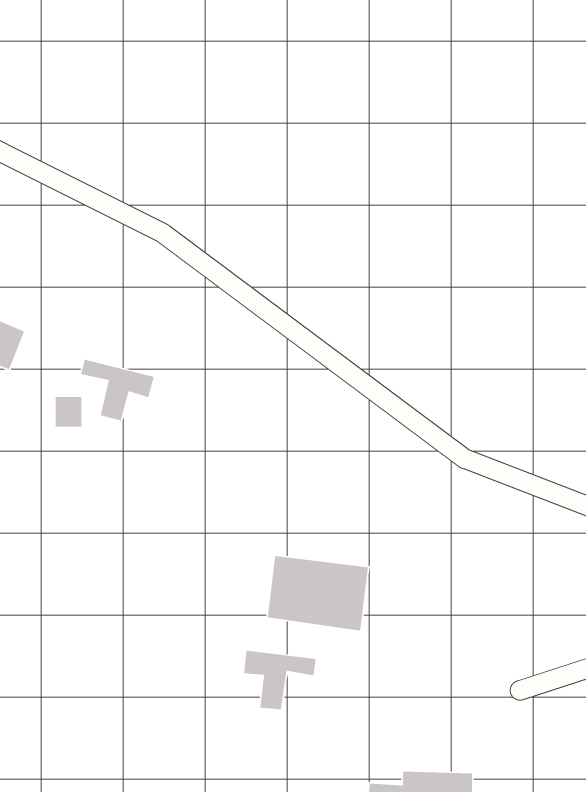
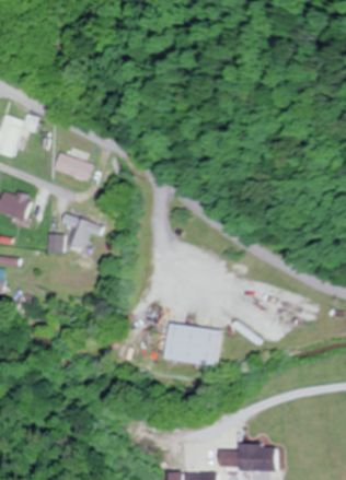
building: none -> [53,152,93,182]
building: [243,650,316,710] -> none

